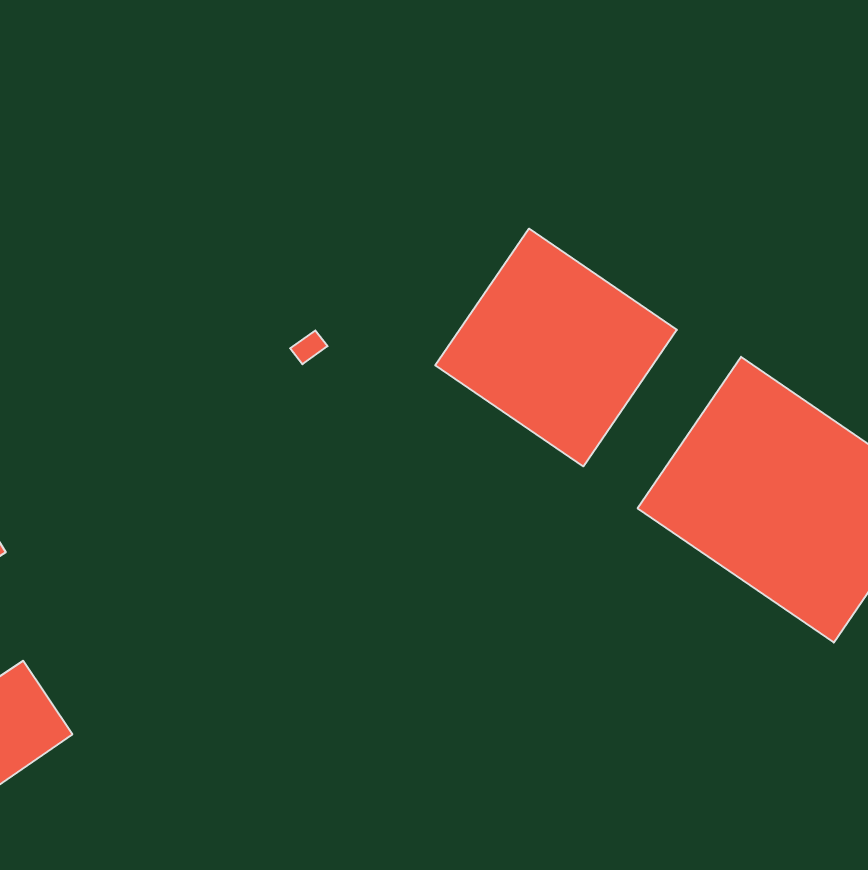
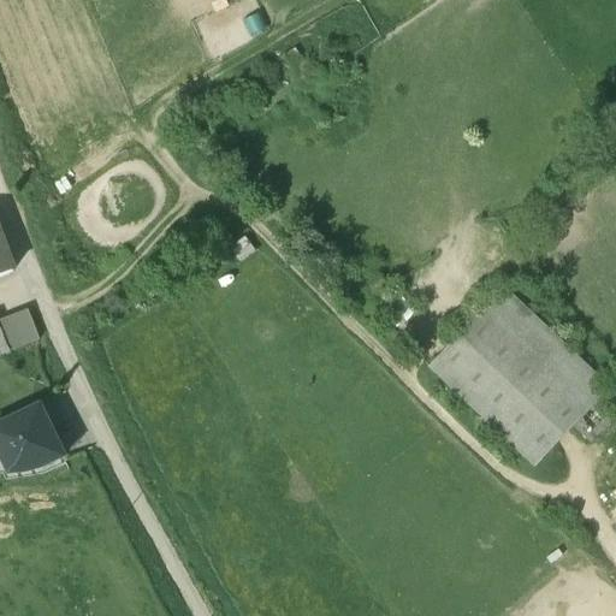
building: [435,229,677,466] -> none

